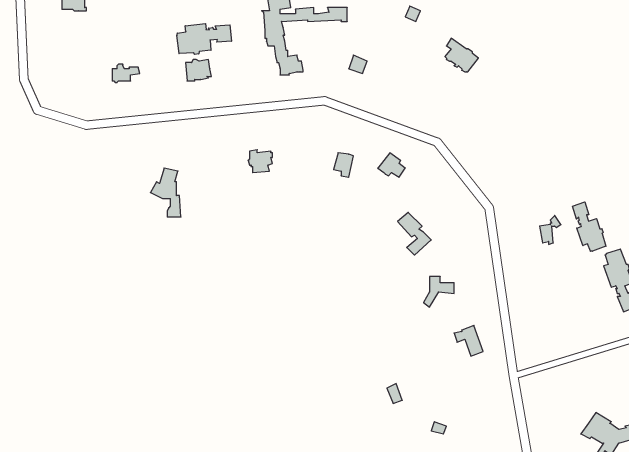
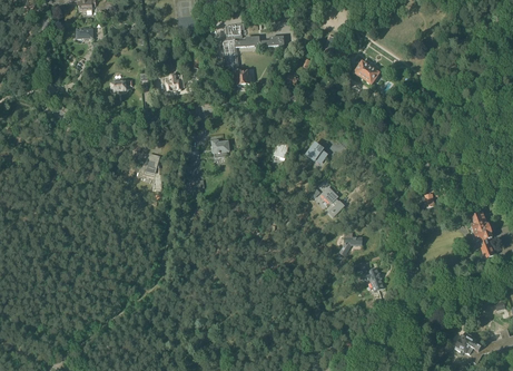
building: [177,24,231,54] -> none
building: [572,202,606,251] -> none

